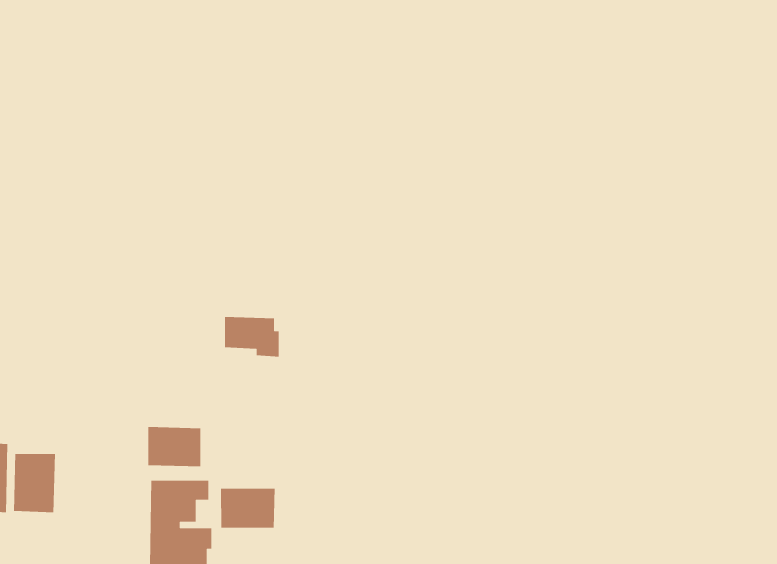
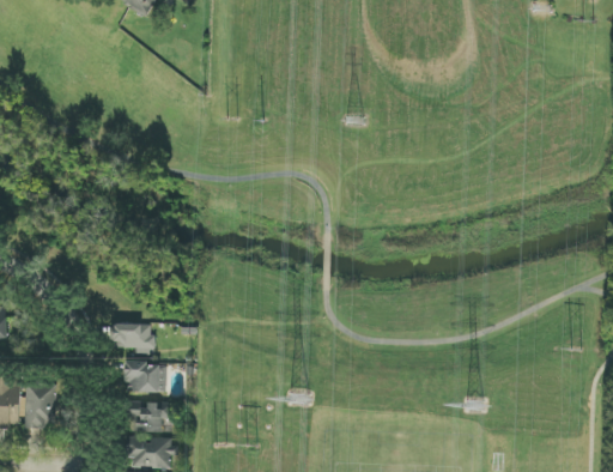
building: [224,316,279,357] -> [111,323,153,355]
building: [220,488,276,528] -> none

